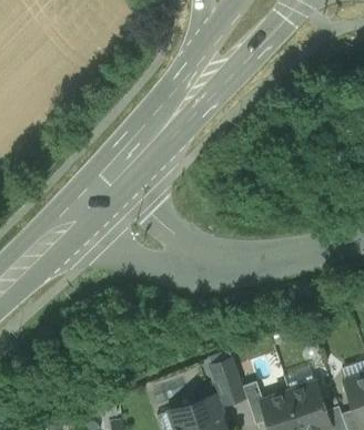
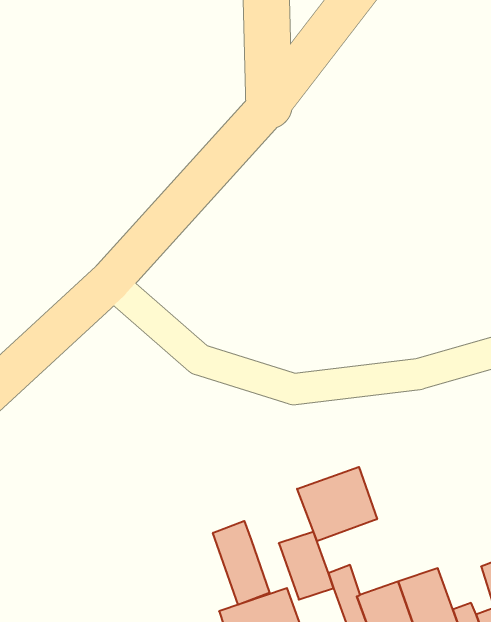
building: none -> [297,467,377,541]
building: none -> [213,521,270,605]

